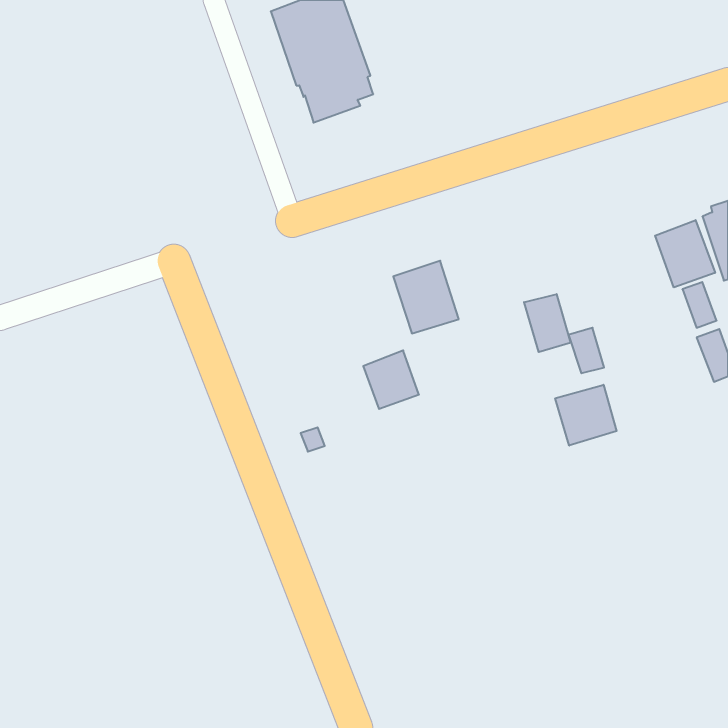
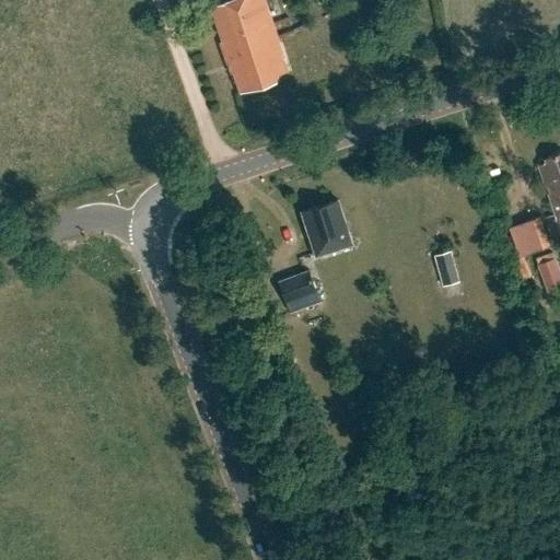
building: [655,220,715,287] -> none
building: [524,294,571,352] -> none
building: [555,385,617,446] -> none

